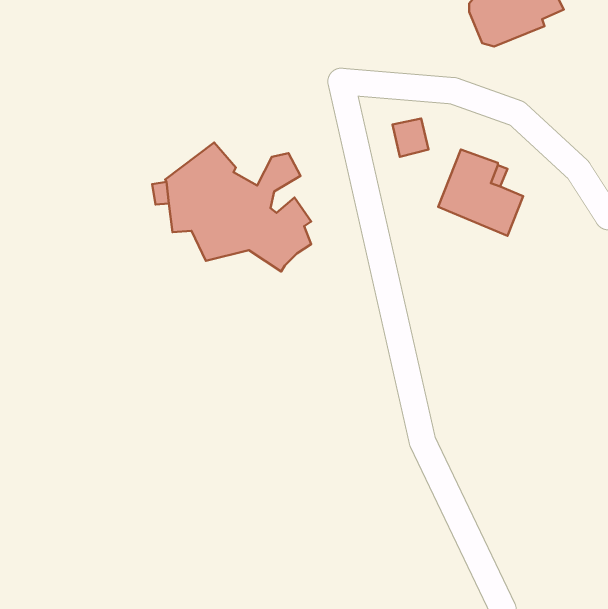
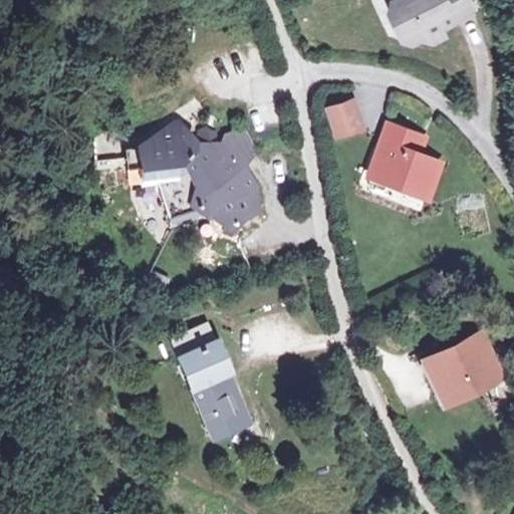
building: none -> [425,333,497,398]
building: none -> [177,335,254,441]

